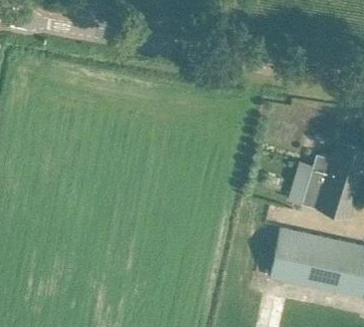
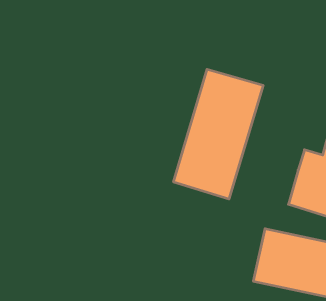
building: none -> [174,69,263,199]

